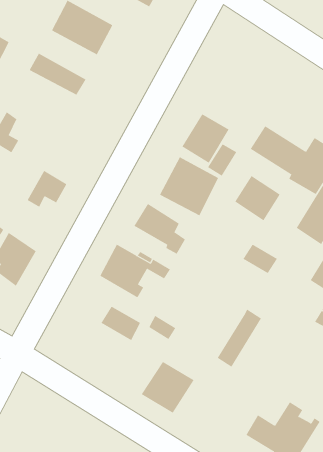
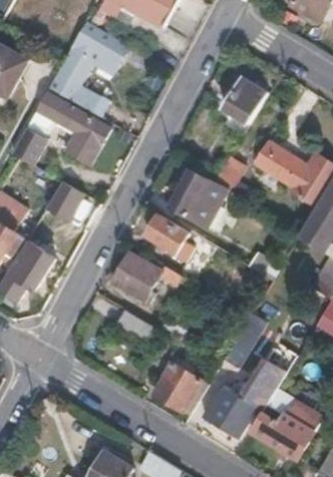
building: none -> [34,93,107,164]
building: [182,113,230,163] -> [223,76,268,123]
building: [235,175,280,221] -> none
building: none -> [203,362,284,438]

